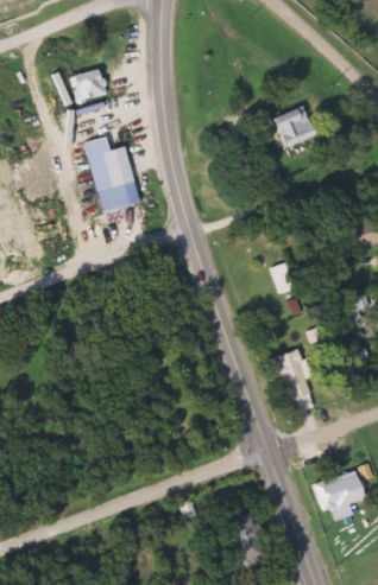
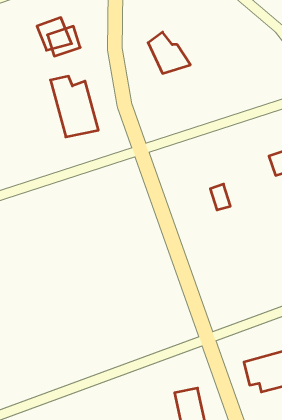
building: [264,96,316,147] -> [148,32,190,73]
building: [281,351,319,405] -> none

